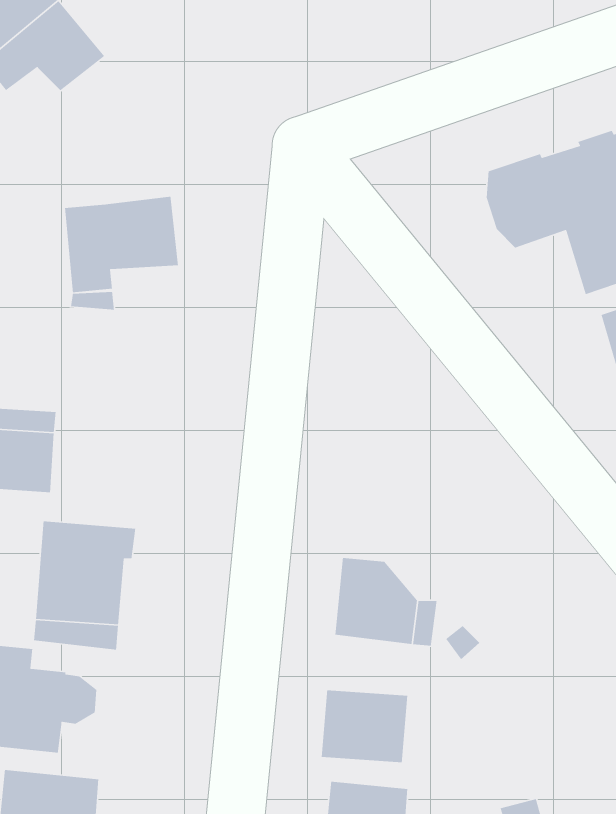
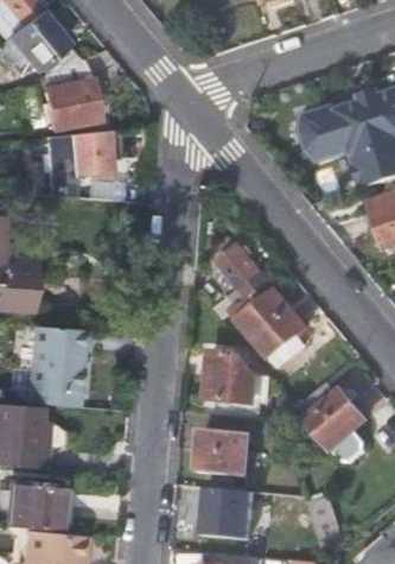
building: none -> [40,58,100,131]
building: none -> [217,243,308,359]
building: none -> [299,381,367,462]

